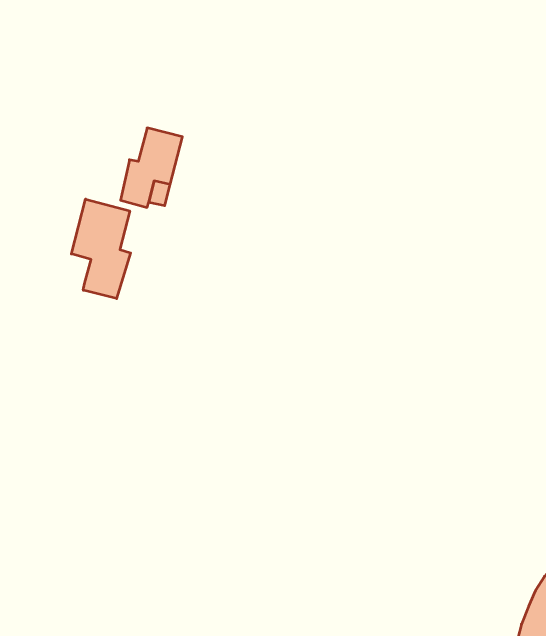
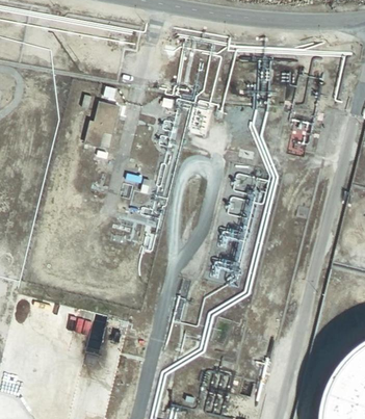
building: [71,199,131,299] -> none

